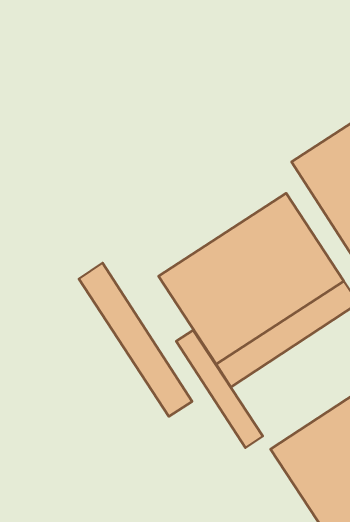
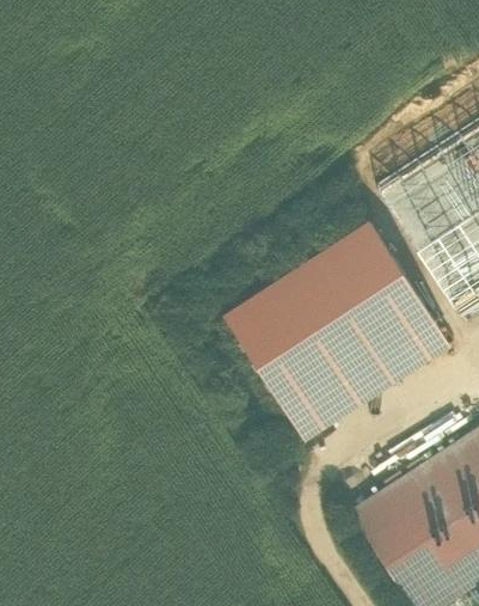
building: [79,263,192,416] -> none
building: [176,330,263,448] -> none

